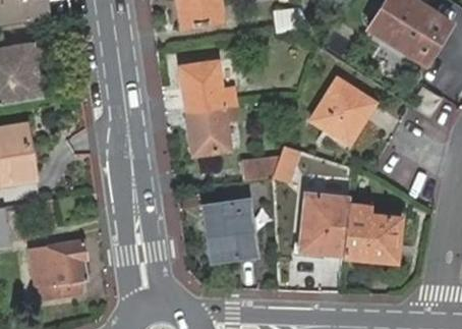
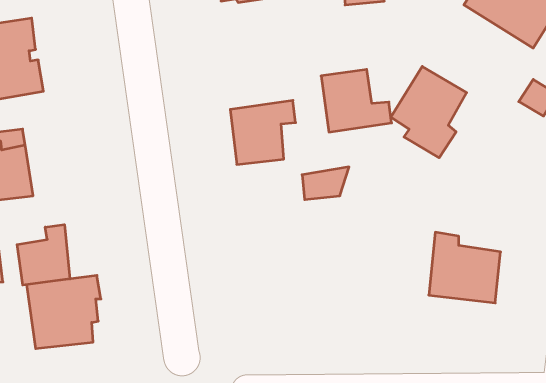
building: [181,62,236,111] -> [321,69,392,132]
building: [297,196,348,256] -> none
building: [206,197,262,260] -> none
building: none -> [17,225,70,285]

